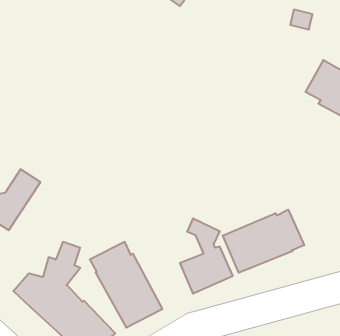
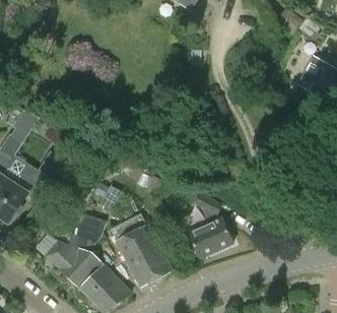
building: [223,210,304,273] -> none

